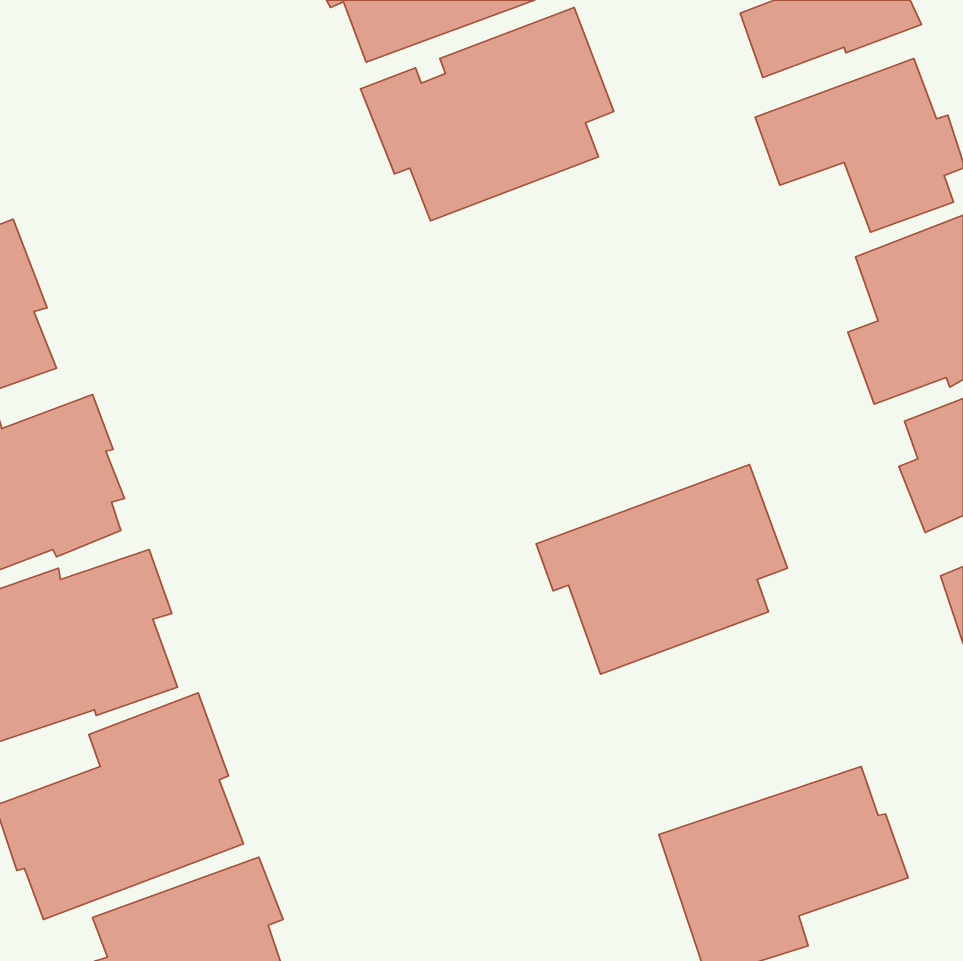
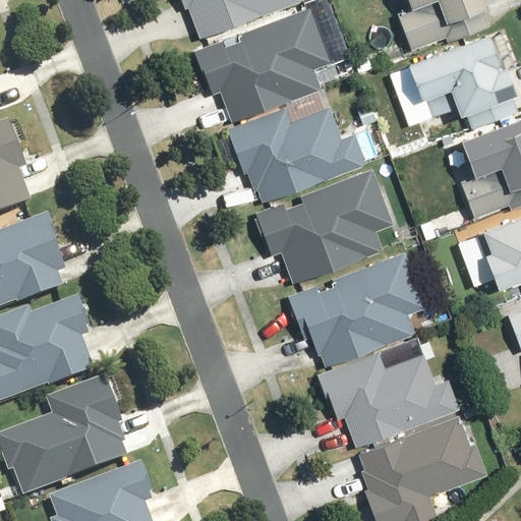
building: none -> [227,106,365,200]
building: none -> [256,170,391,282]
building: none -> [317,350,457,445]

